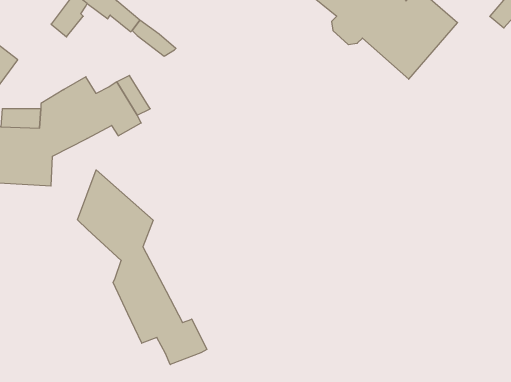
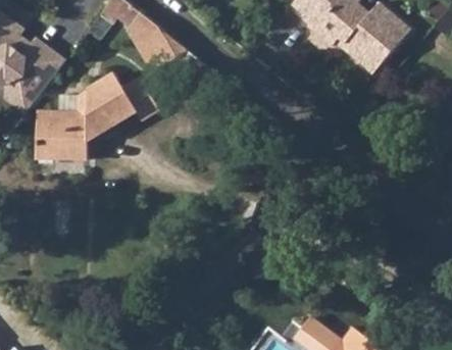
building: [77,170,207,365] -> none

